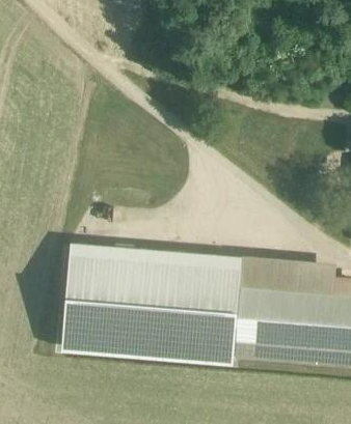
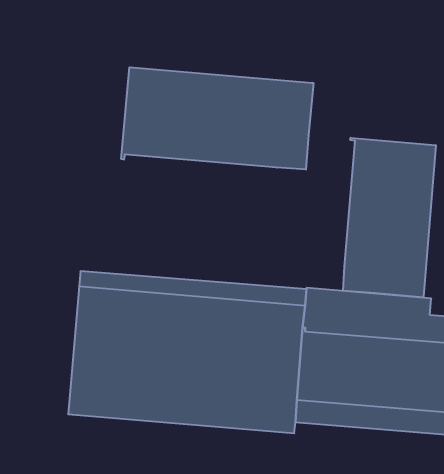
building: none -> [121,67,313,170]
building: none -> [343,138,436,297]

